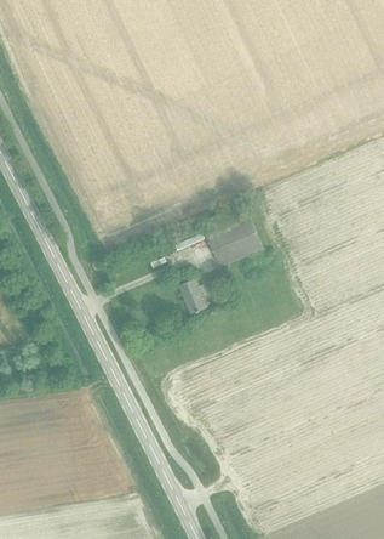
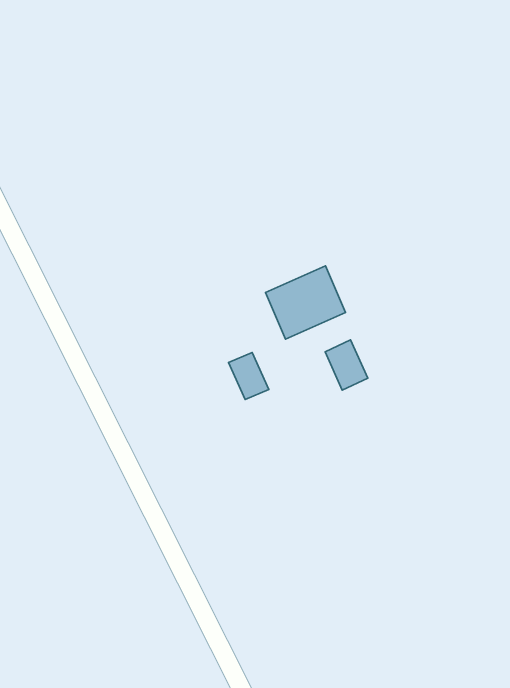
building: none -> [325,340,368,390]

